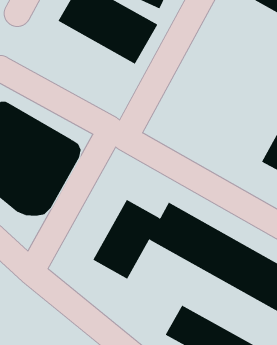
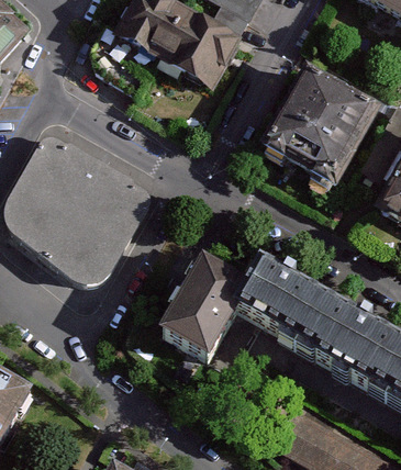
building: none -> [255,52,379,177]

